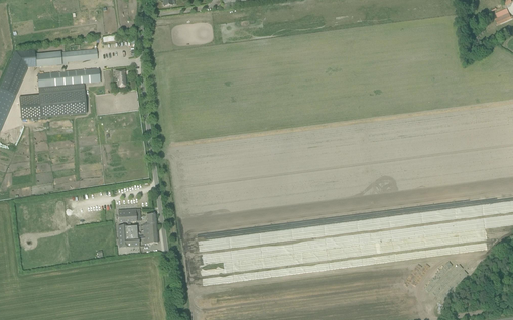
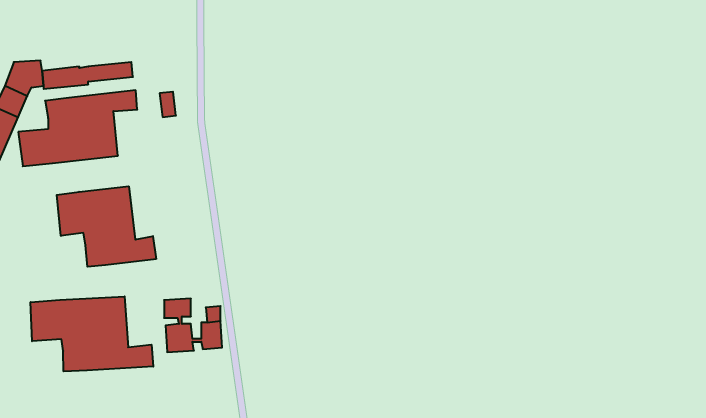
building: none -> [57,186,156,267]
building: none -> [31,296,153,371]

